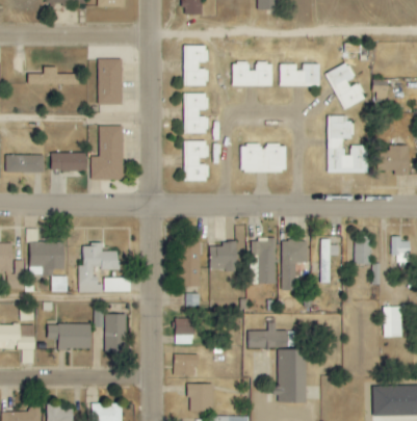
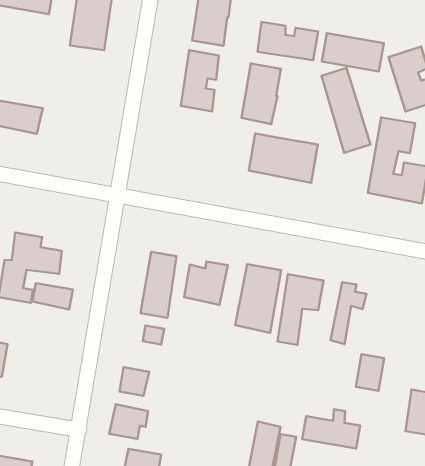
building: none -> [322,68,370,153]
building: [90,126,124,180] -> none
building: [184,141,207,182] -> [242,64,281,124]
building: [355,239,371,263] -> [356,354,384,391]
building: [104,313,127,351] -> none
building: [249,322,288,347] -> [302,409,360,448]

